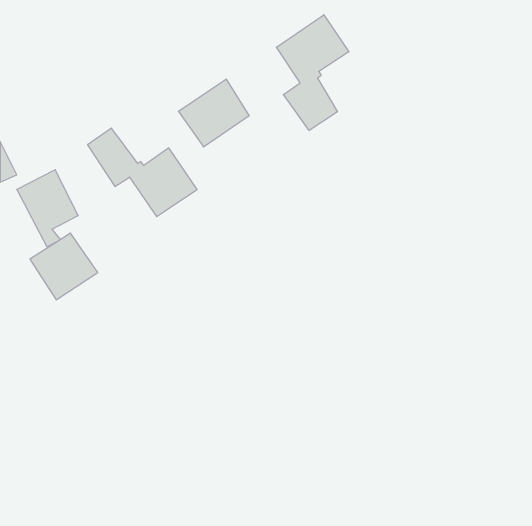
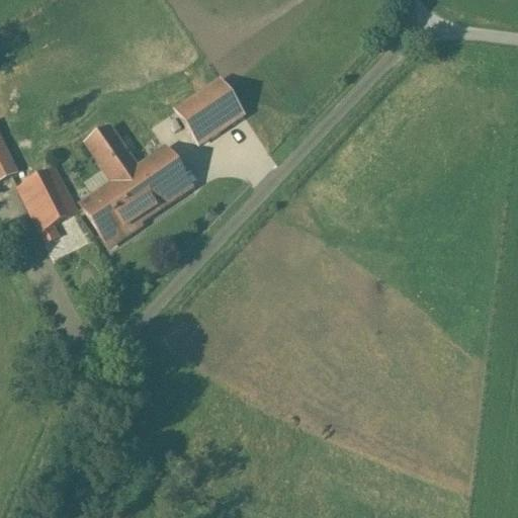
building: [276,15,349,131] -> none
building: [30,233,98,300] -> [87,172,153,237]

